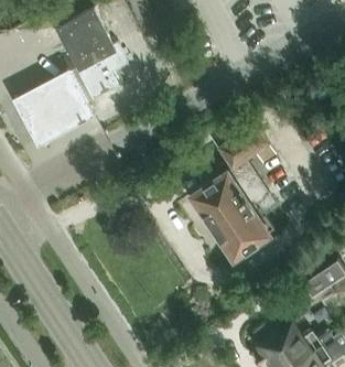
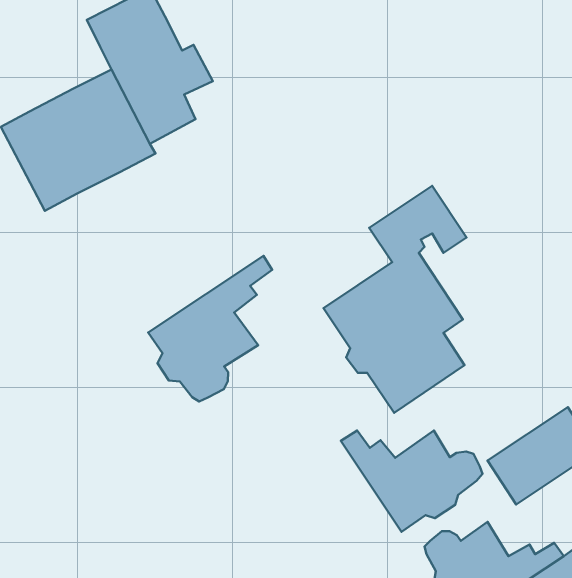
building: none -> [148,256,272,402]
building: none -> [341,430,482,532]

